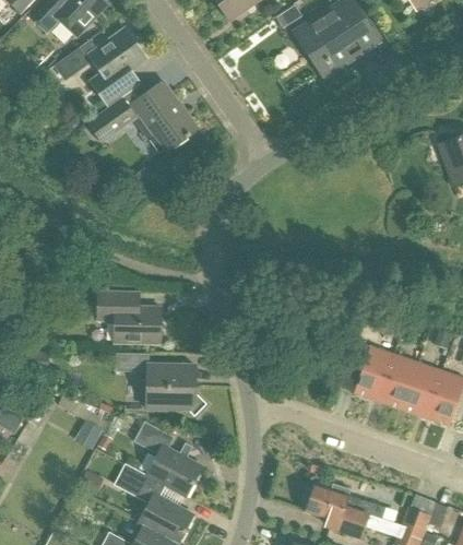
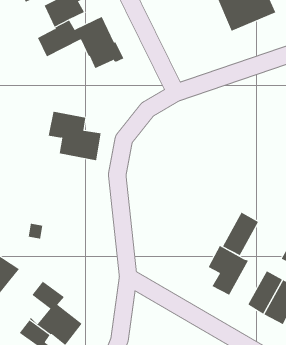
building: [96,291,162,343] -> [48,111,101,161]
building: [378,354,418,408] -> [222,212,259,256]
building: [147,364,207,416] -> none

